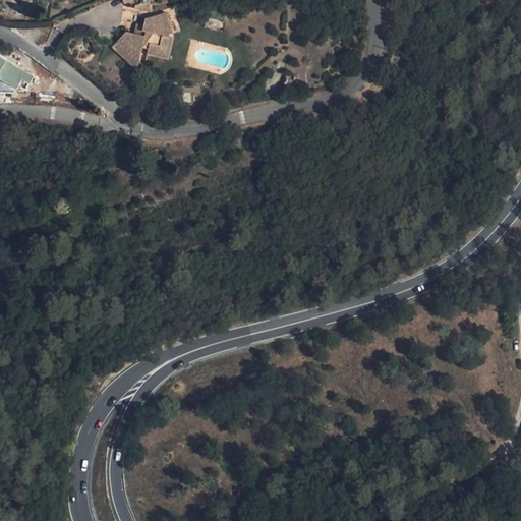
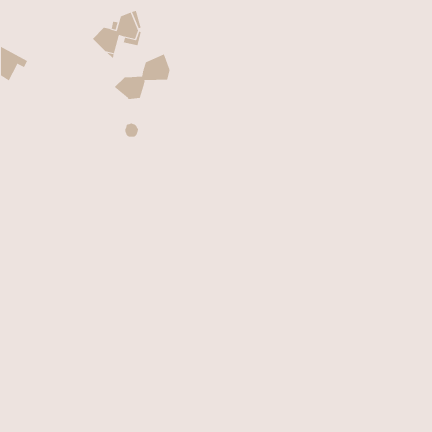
building: none -> [114,53,170,100]

